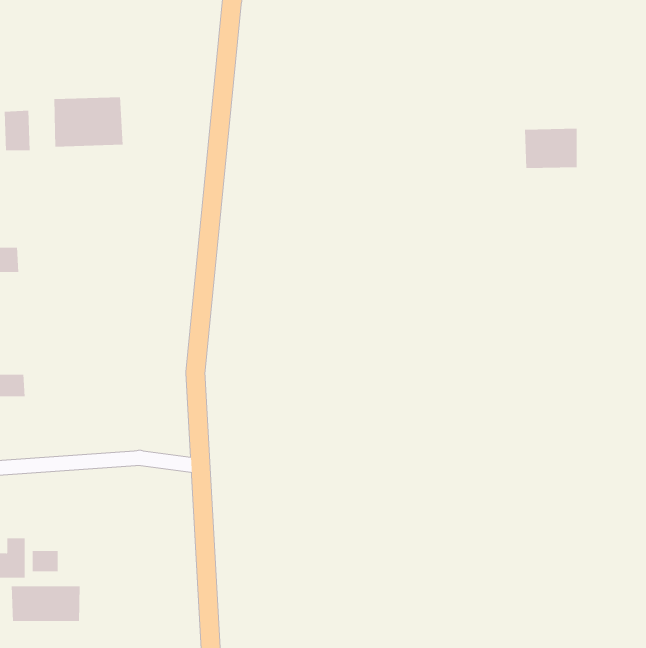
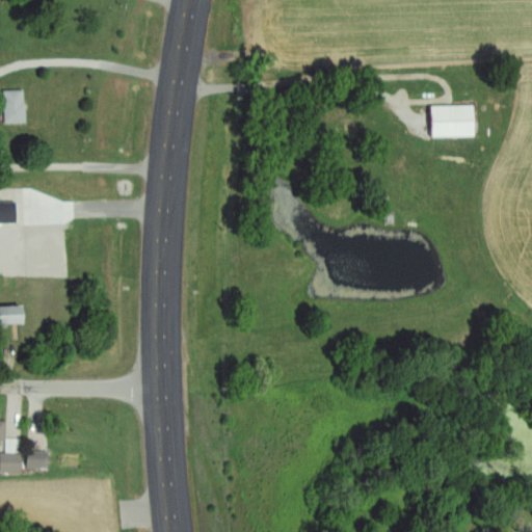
building: [54,97,123,147] -> none
building: [11,585,80,622] -> none

